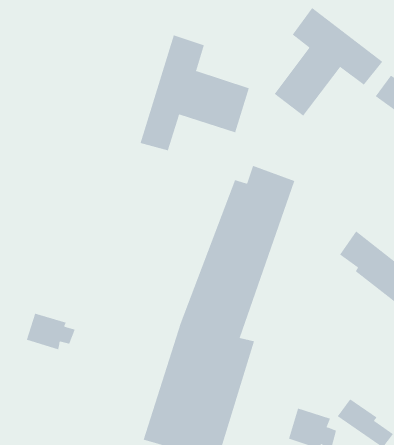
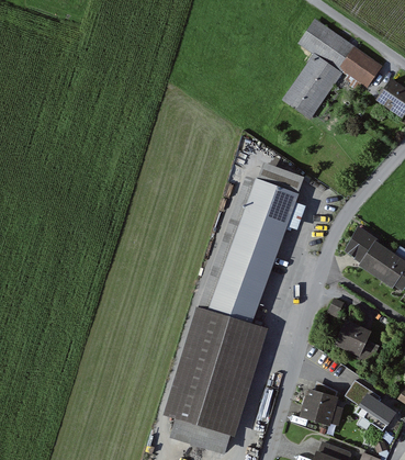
building: [140,34,250,151] -> none
building: [26,313,75,350] -> none
building: none -> [333,321,380,362]

